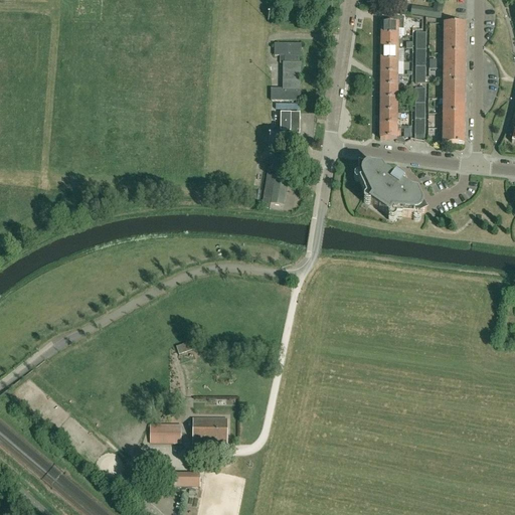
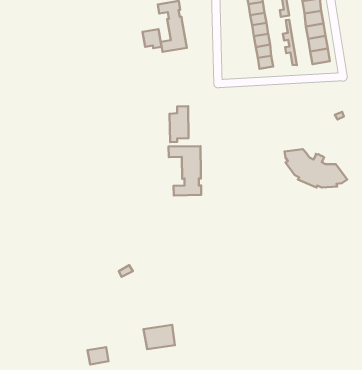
building: [281,109,300,130] -> [143,29,162,48]
building: [358,164,426,215] -> [284,149,347,187]
building: none -> [169,146,201,195]
building: [158,422,180,440] -> [88,347,109,364]

